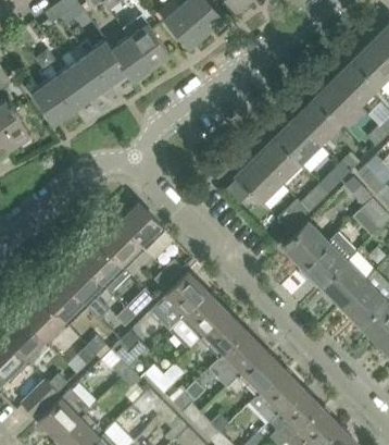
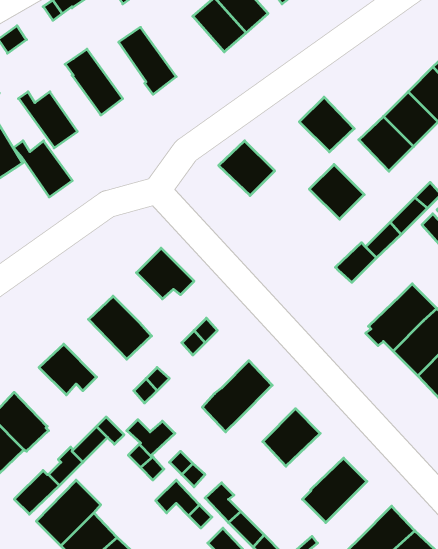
building: [122,15,170,69] -> none
building: [79,41,126,86] -> none
building: [43,67,90,112] -> [13,141,72,197]
building: [275,119,318,162] -> [299,97,354,152]
building: [235,158,279,201] -> [219,141,275,196]
building: [283,223,327,267] -> none
building: [100,224,145,263] -> none
building: [61,261,111,320] -> none
building: [150,274,208,331] -> none
building: [22,299,67,346] -> none
building: [200,313,244,358] -> none
building: [237,351,283,396] -> none
building: [268,390,321,435] -> none

